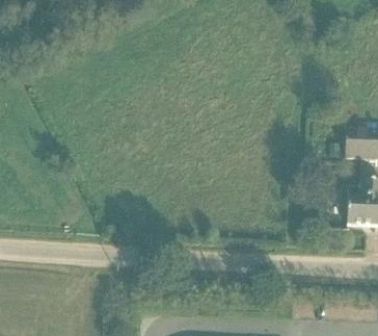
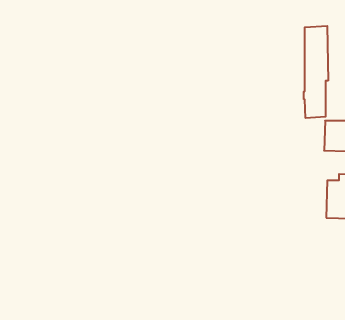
building: none -> [304,26,328,118]

